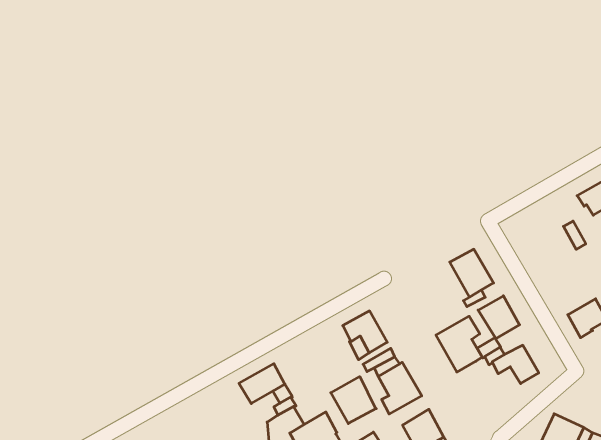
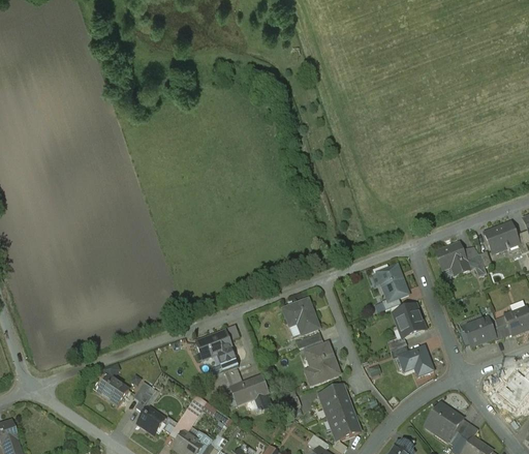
building: none -> [435,242,469,273]
building: [436,316,482,372] -> none
building: [331,377,376,424] -> none

